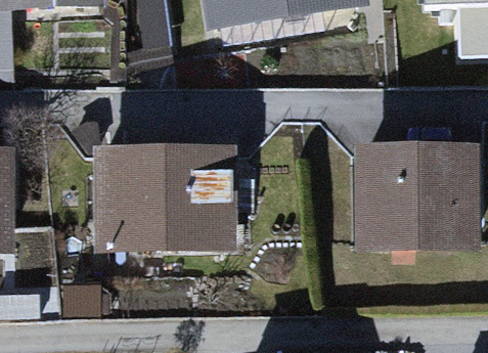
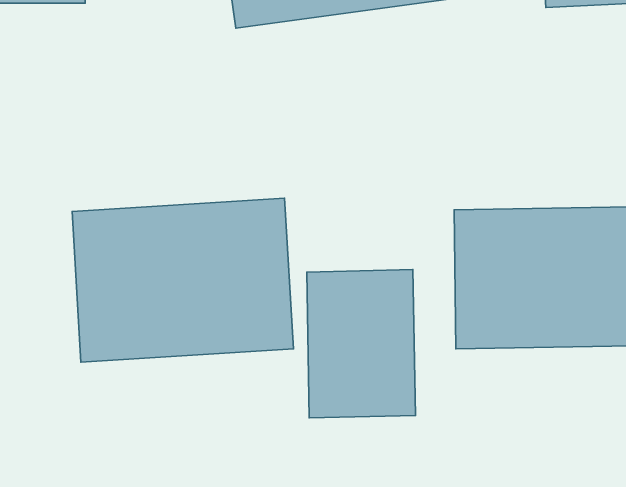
building: none -> [307,270,415,418]

